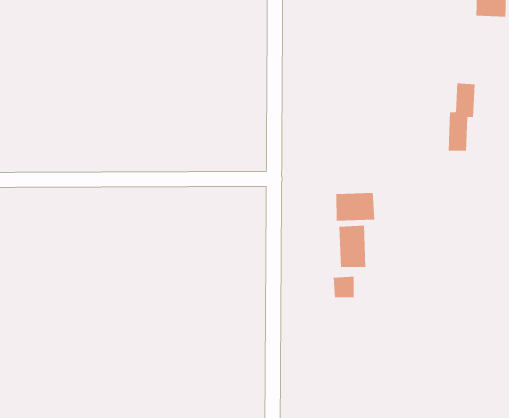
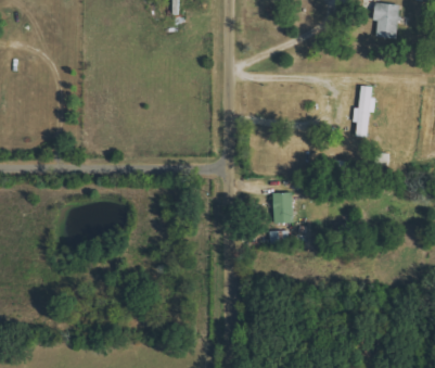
building: [336,192,375,221] -> none

